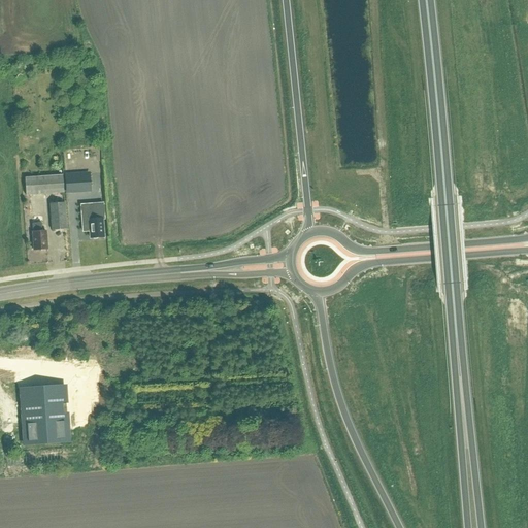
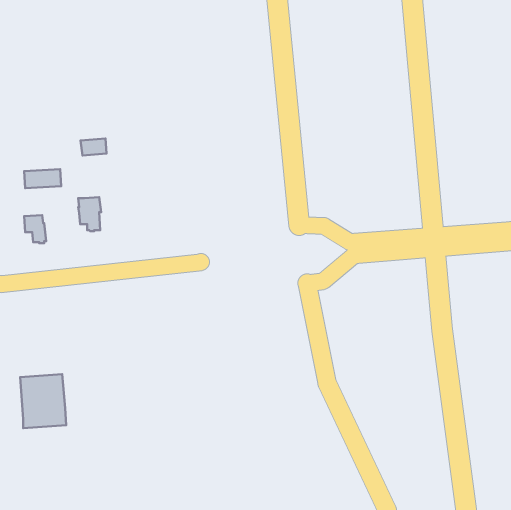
building: [64,171,91,189] -> [80,139,106,156]
building: [50,202,66,229] -> none

